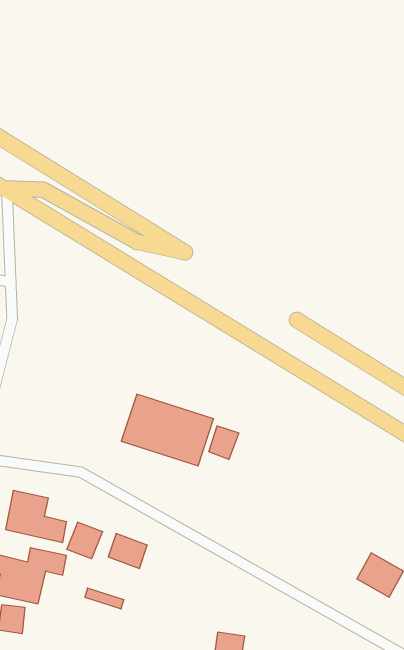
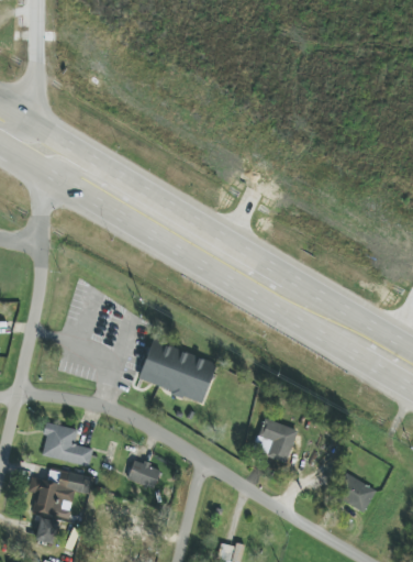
building: [209,426,239,460] -> none
building: none -> [259,419,298,463]
building: [67,522,103,559] -> none

